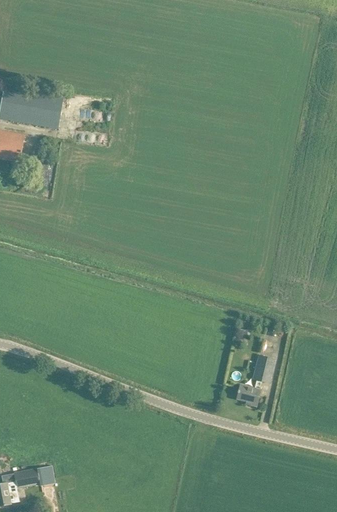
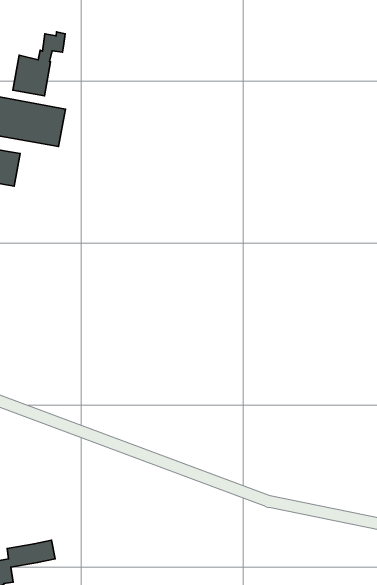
building: none -> [13,32,65,96]
building: [236,354,275,406] -> none

